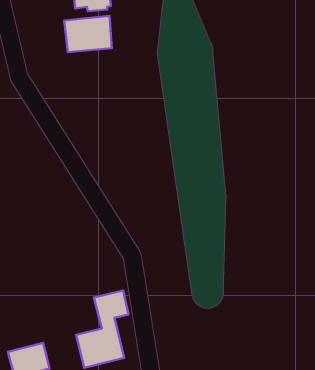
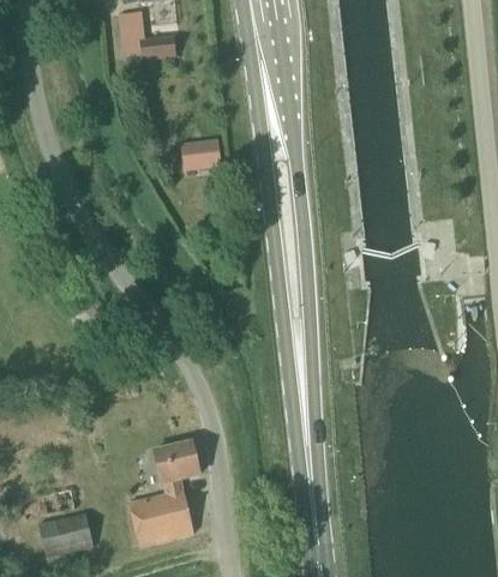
building: [64,16,112,52] -> none
building: none -> [182,140,218,169]

